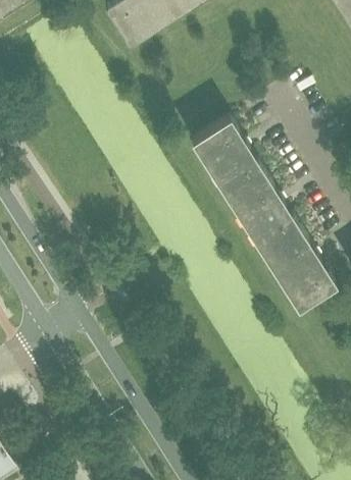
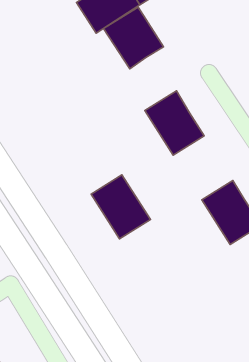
building: none -> [103,7,164,69]
building: [227,174,301,255] -> [91,175,150,239]

